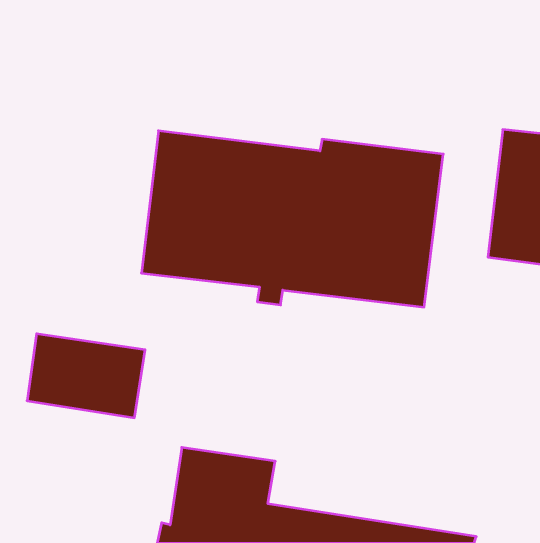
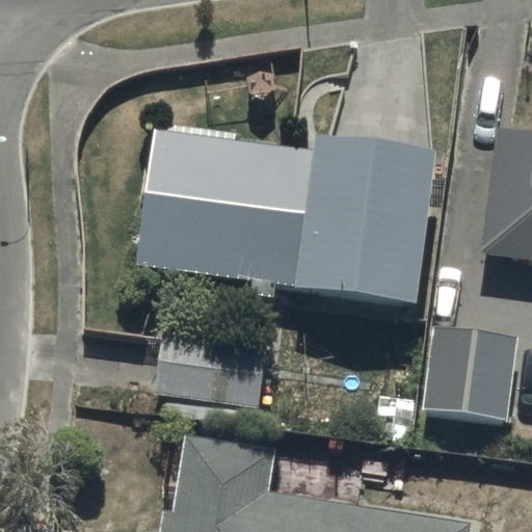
building: [27,334,145,418] -> [154,328,269,410]
building: none -> [423,328,517,423]

